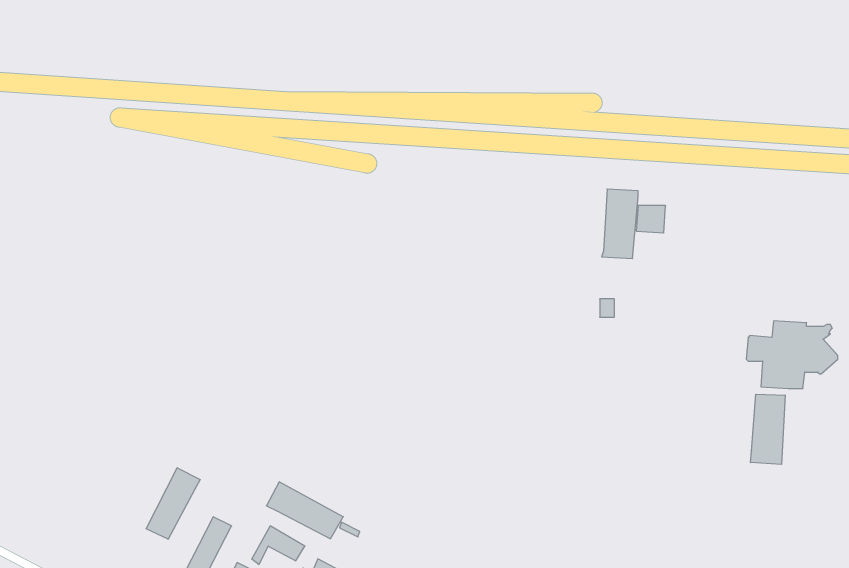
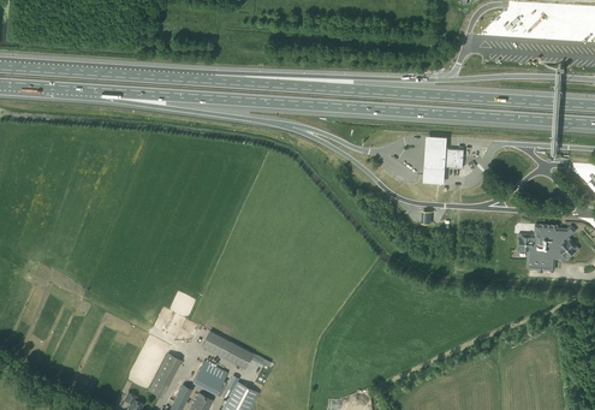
building: [751,394,785,464] -> none
building: [146,468,200,539] -> none

